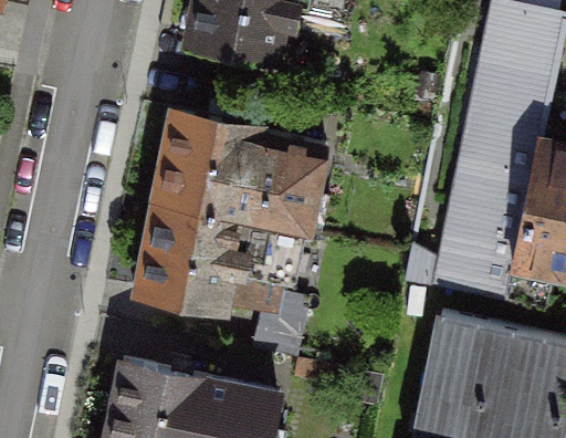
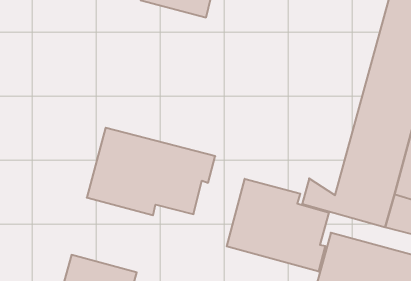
building: [154,112,322,231] -> none
building: none -> [227,179,329,272]

